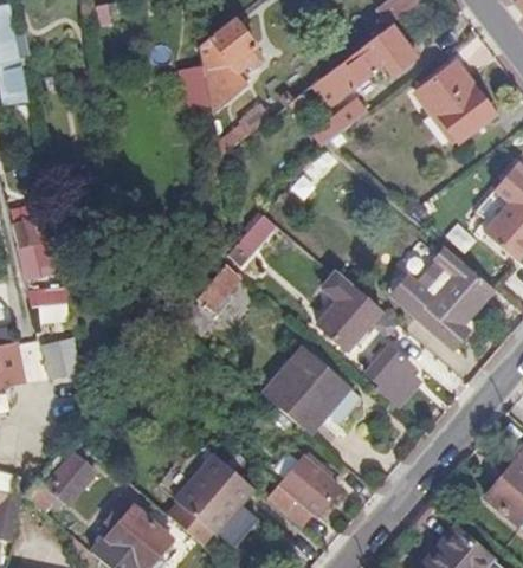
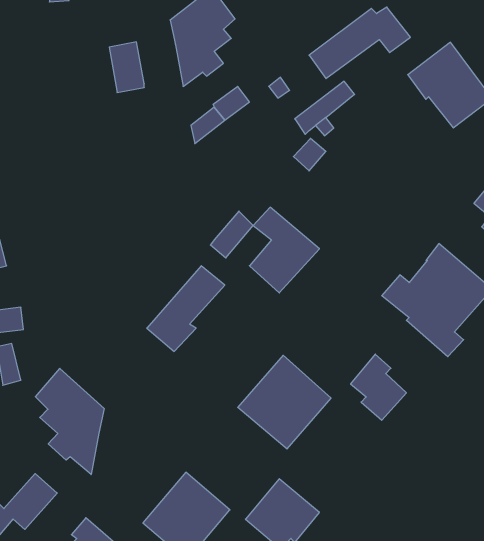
building: [179,64,211,110] -> [109,42,144,93]
building: [316,272,380,350] -> [249,207,319,293]
building: none -> [35,368,104,475]

